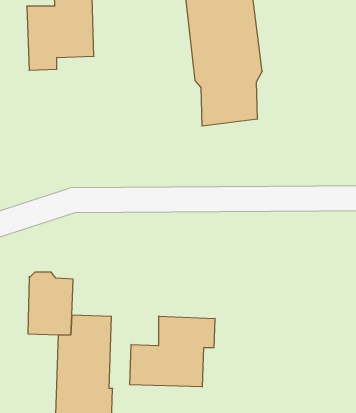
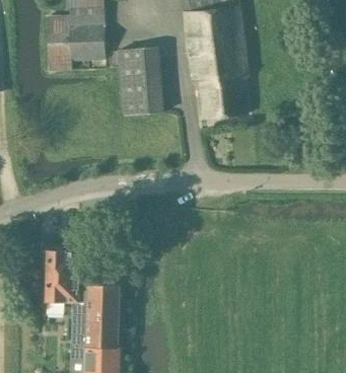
building: none -> [119,48,163,116]
building: [130,316,215,387] -> none

